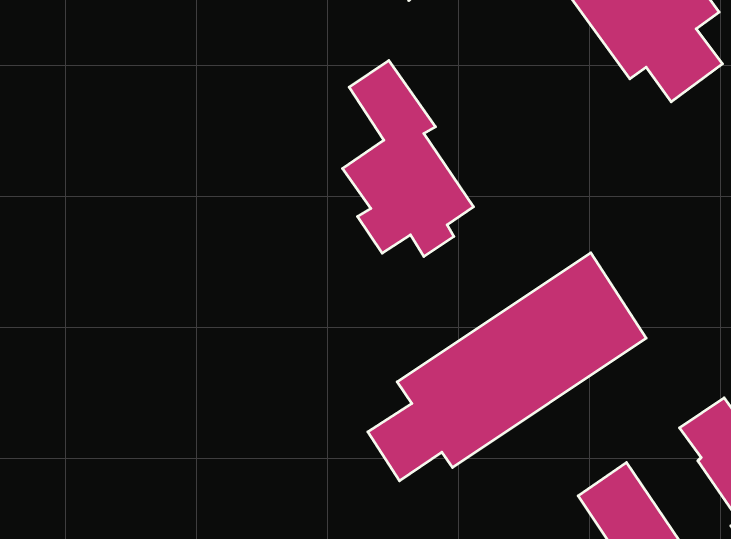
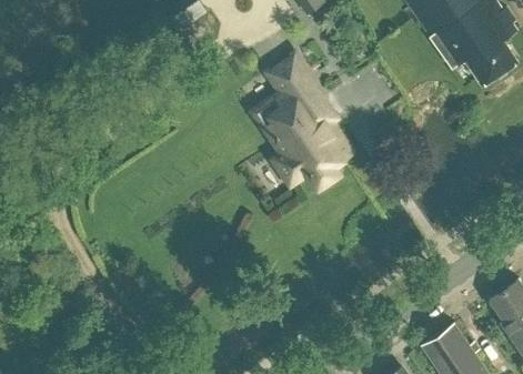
building: [368,253,646,481] -> none

